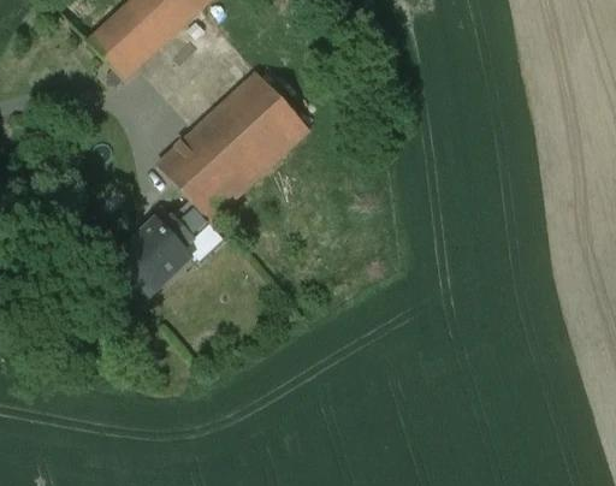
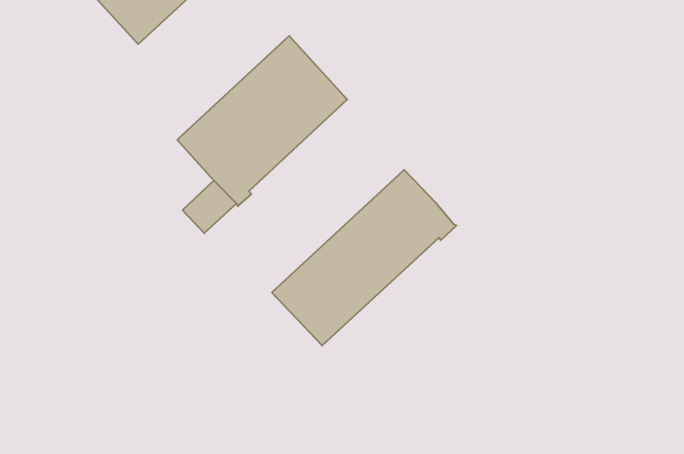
building: none -> [272,170,456,346]
building: [117,220,190,292] -> none

